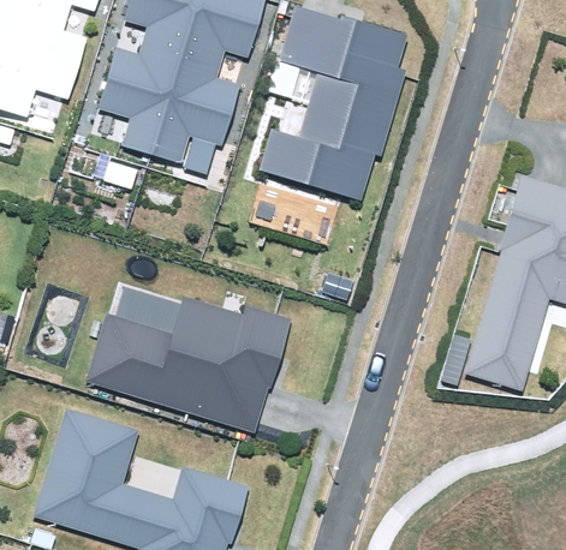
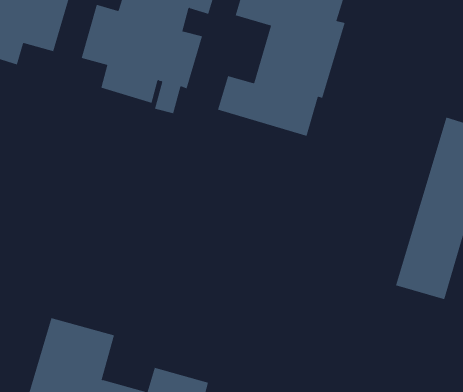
building: [85,289,292,434] -> none

